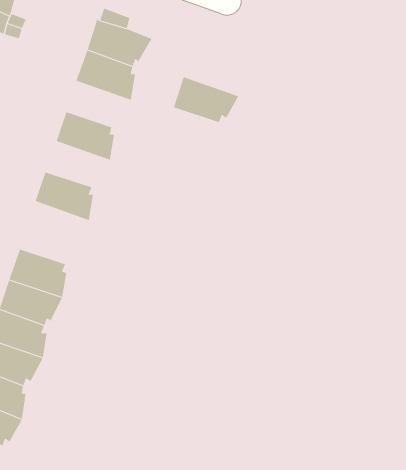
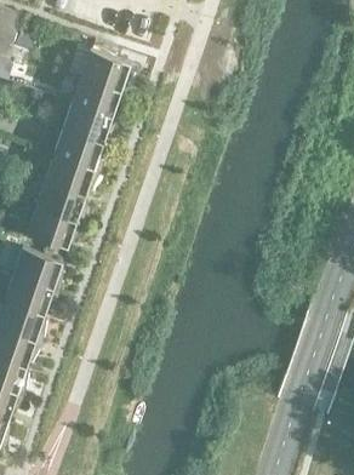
building: [173,77,239,123] -> [58,101,115,141]
building: none -> [40,153,97,193]
building: none -> [22,205,79,246]

